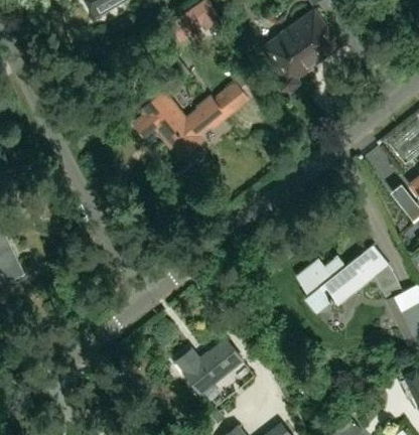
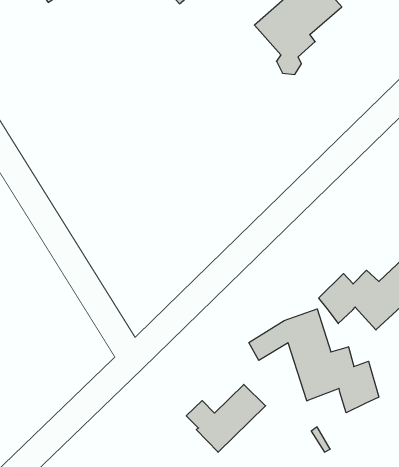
building: [136,84,247,162] -> none
building: none -> [249,309,379,413]

